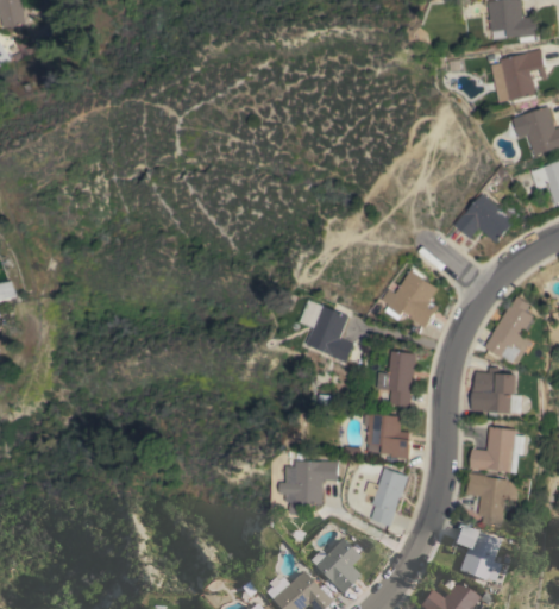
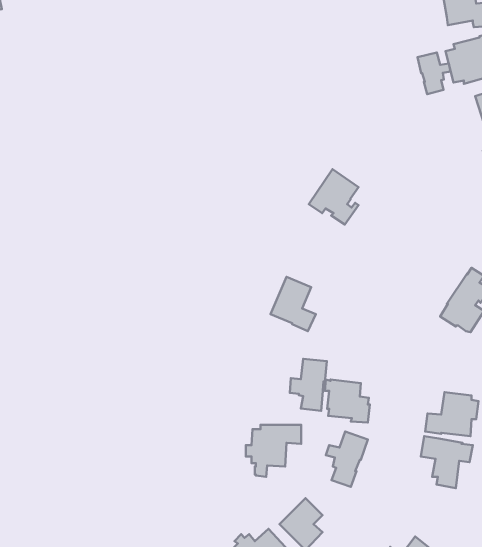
building: none -> [418,52,451,94]
building: [454,193,514,243] -> none
building: [385,269,438,327] -> [309,169,358,224]
building: [376,351,415,406] -> [290,359,327,411]
building: [471,372,521,419] -> none
building: [454,523,501,580] -> none

